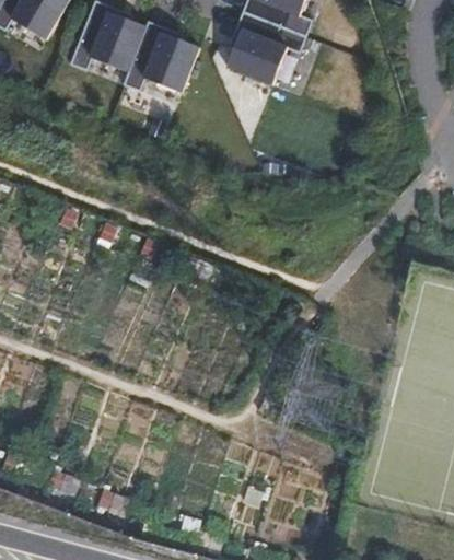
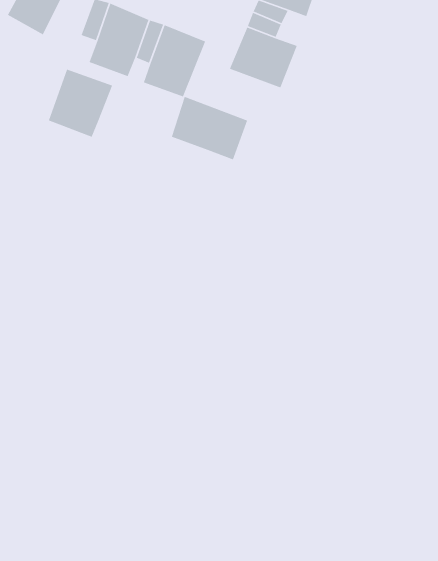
building: none -> [48,69,113,138]
building: none -> [171,96,248,161]

